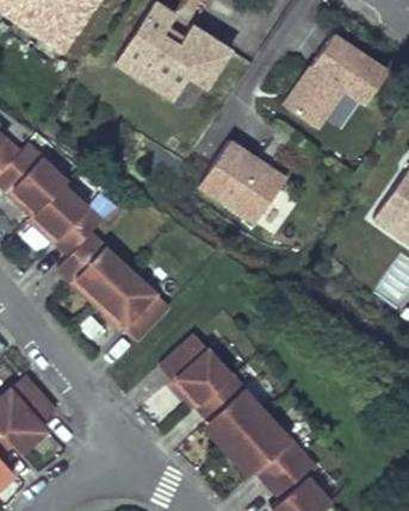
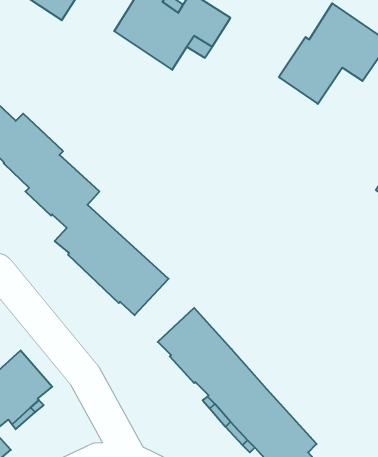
building: [196,142,287,230] -> none

